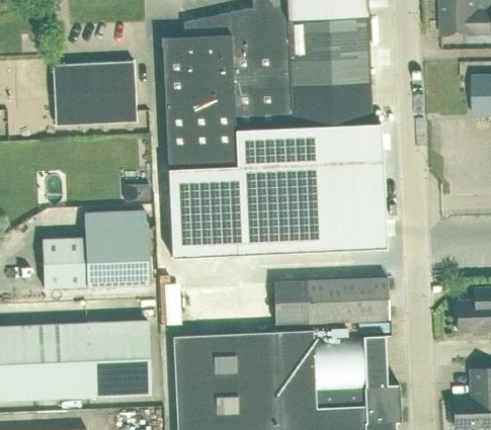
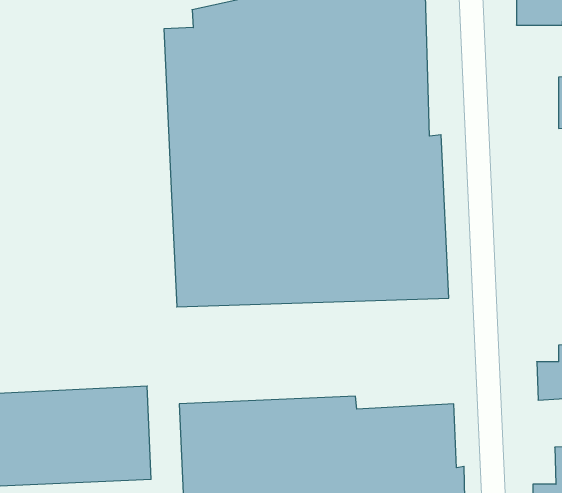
building: [53,61,138,132] -> none
building: [43,210,149,288] -> none
building: [274,259,389,323] -> none

